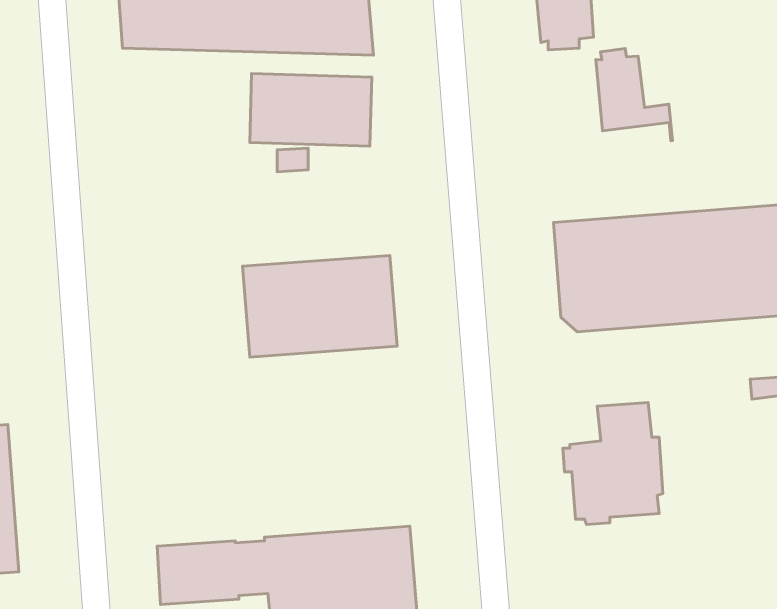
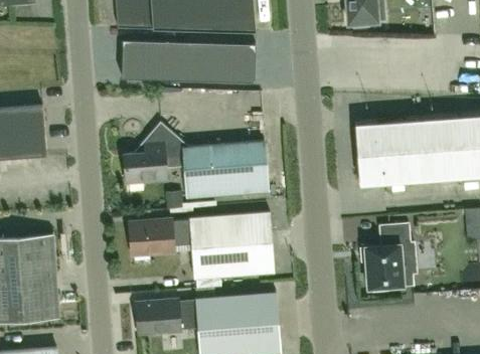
building: [596,49,672,141] -> none
building: none -> [121,40,188,80]
building: none -> [124,123,182,184]
building: none -> [129,213,275,280]

